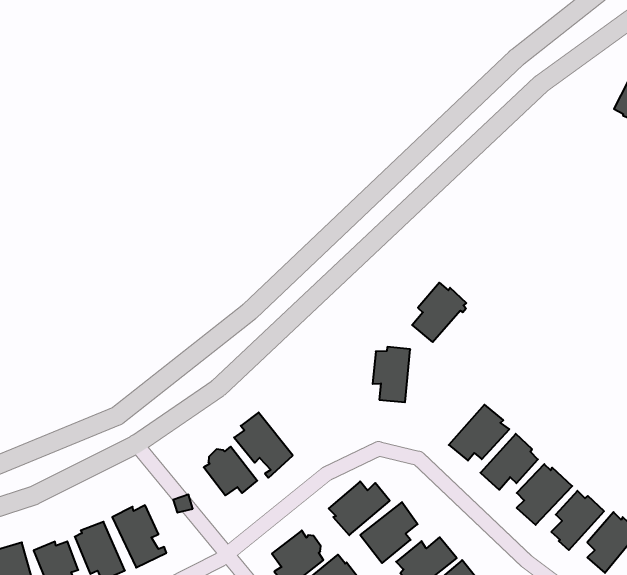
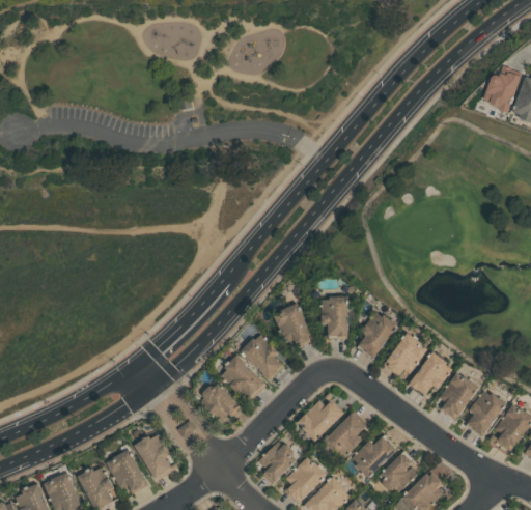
building: [412,283,466,342] -> [357,312,396,358]
building: none -> [274,304,313,348]
building: none -> [241,335,282,380]

